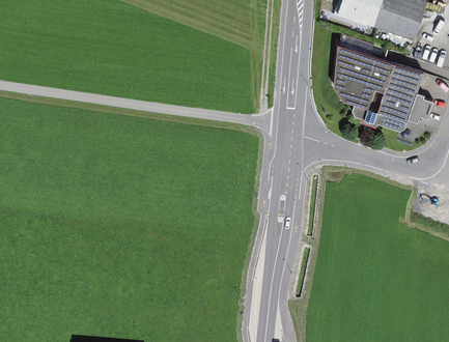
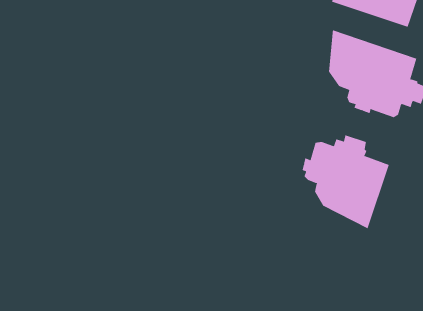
building: none -> [302,135,390,229]

